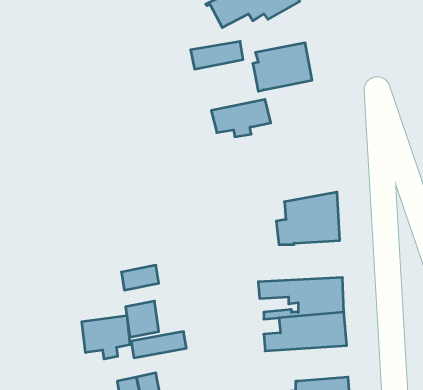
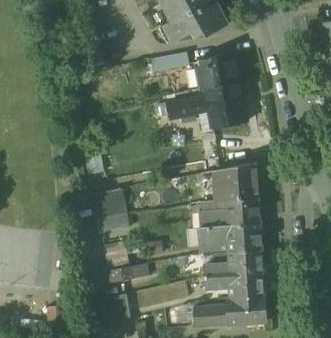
building: none -> [203,81,246,128]
building: none -> [95,188,125,220]
building: none -> [198,197,260,227]
building: [82,315,130,359] -> none
building: none -> [204,273,264,299]

